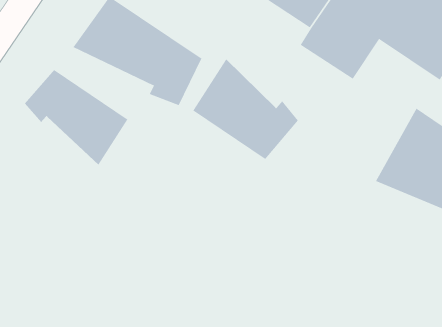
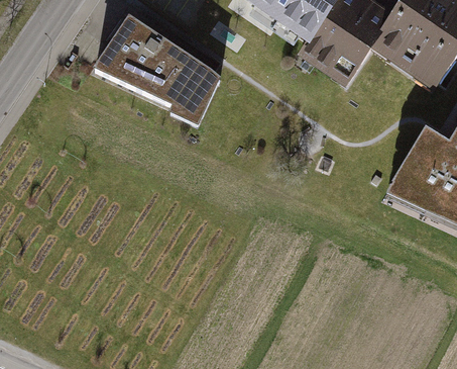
building: [192,58,298,160] -> none
building: [24,69,128,165] -> none

